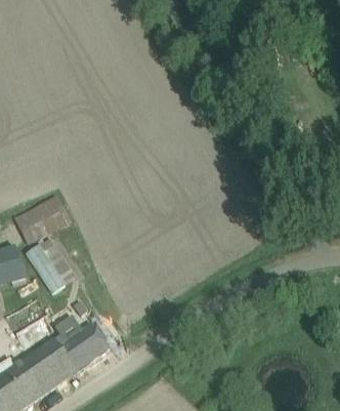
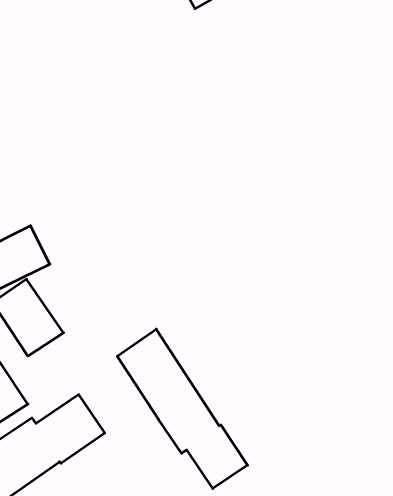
building: none -> [117,329,248,489]

